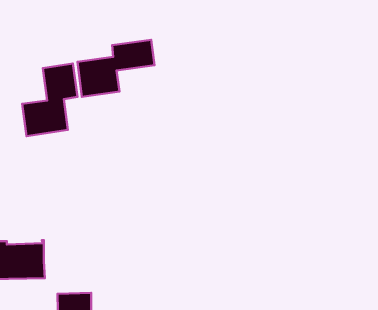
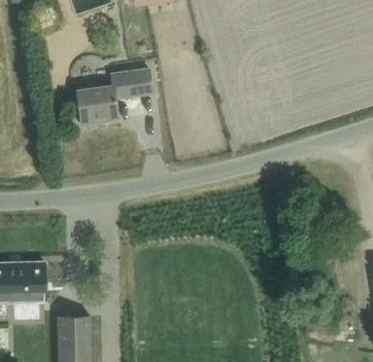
building: [22,64,78,136] -> none

